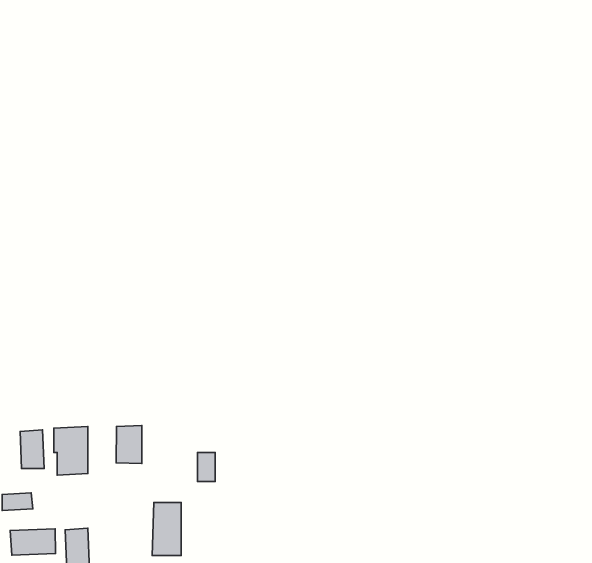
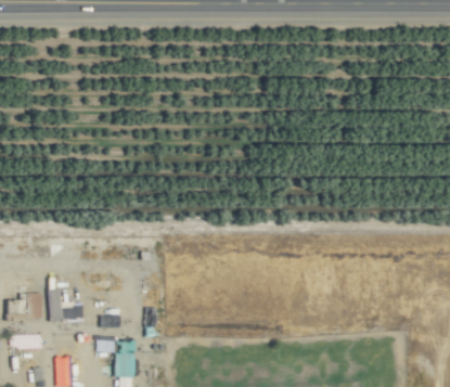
building: [116,426,142,464] -> none
building: [10,529,55,555] -> none

